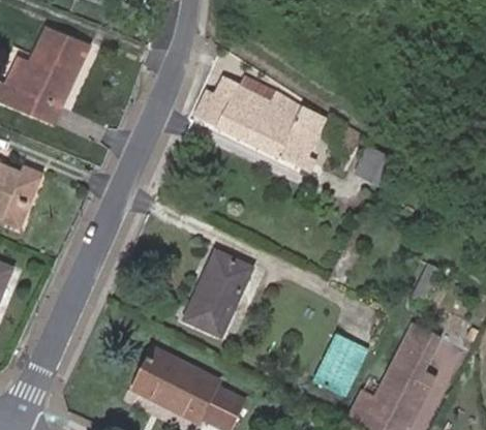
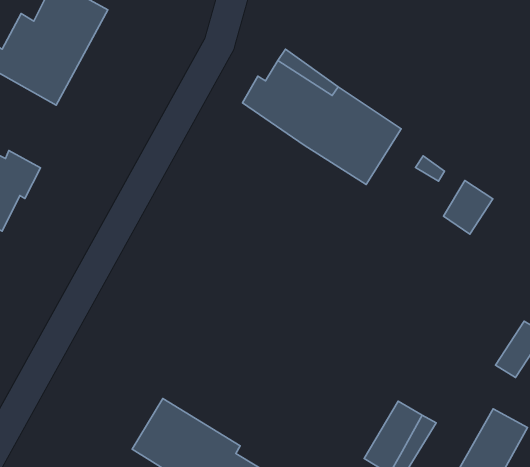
building: [183,249,255,340] -> none

